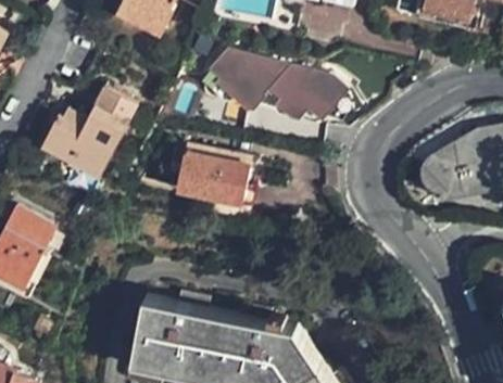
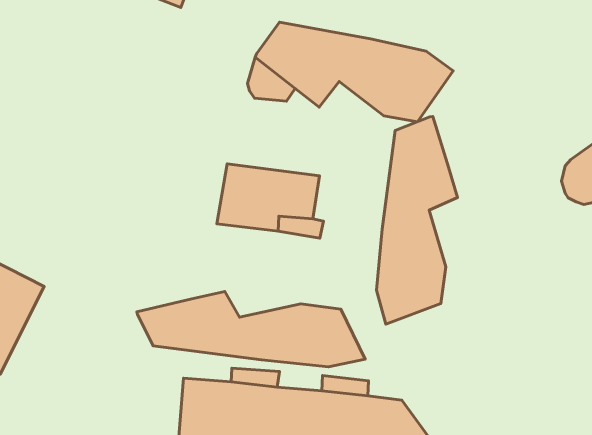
building: [38,87,136,182] -> none
building: none -> [376,116,458,324]
building: none -> [137,292,365,367]

